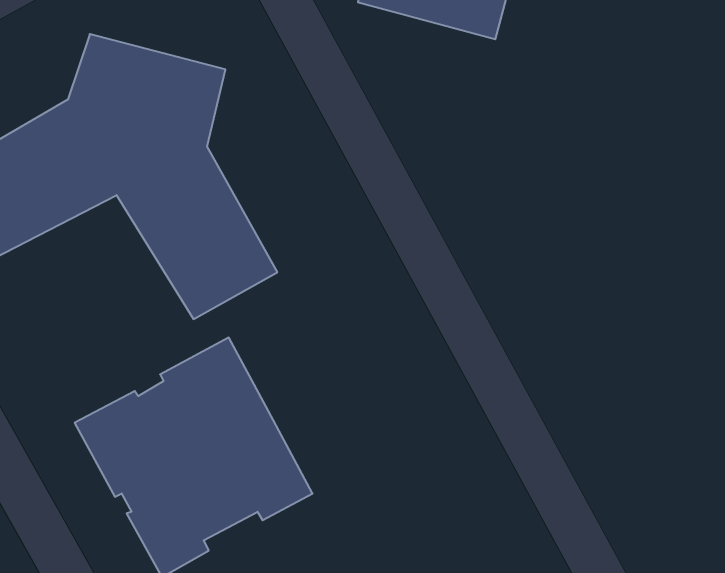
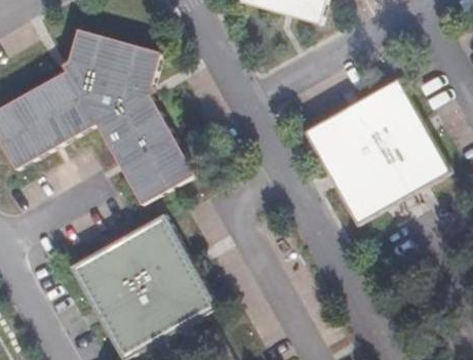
building: none -> [308,80,449,222]

